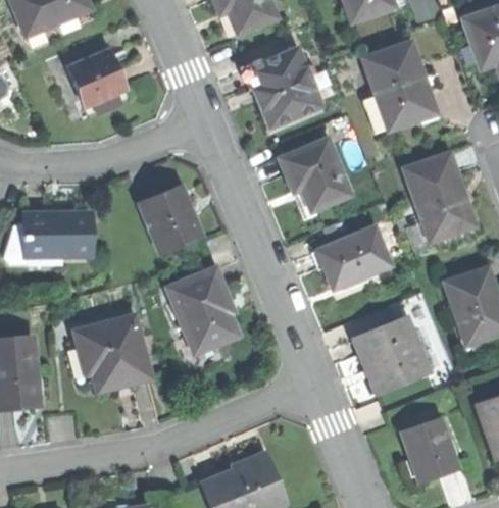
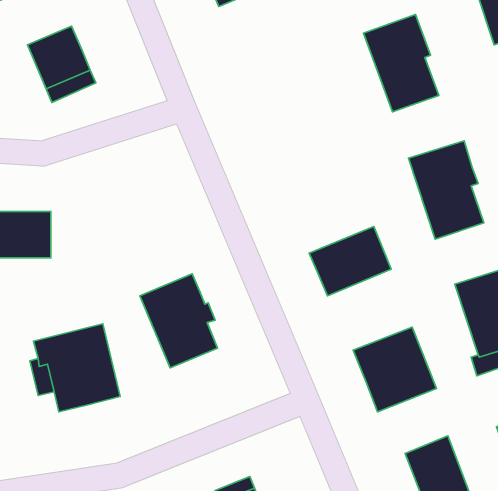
building: [241,43,321,126] -> none
building: [279,140,349,212] -> none
building: [139,187,200,253] -> none

